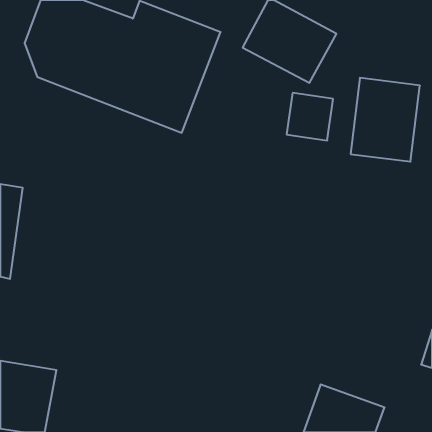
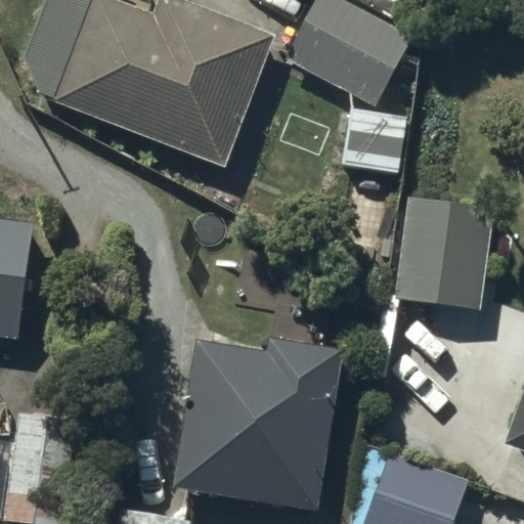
building: [351,78,420,162] -> [405,205,489,306]
building: none -> [184,343,334,497]

